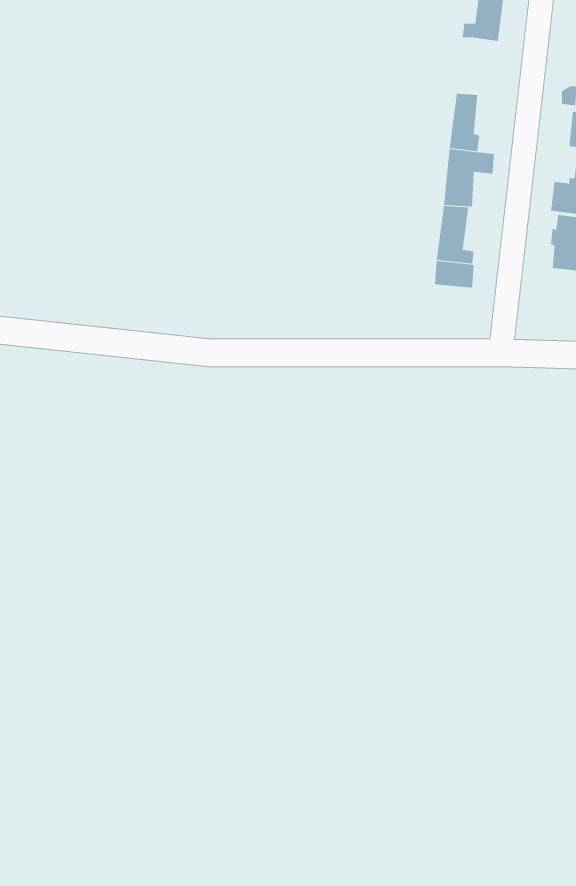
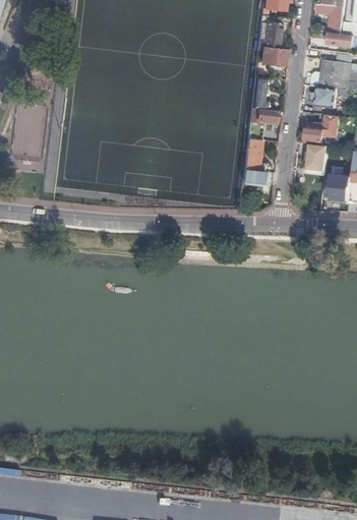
building: none -> [259,46,284,65]

